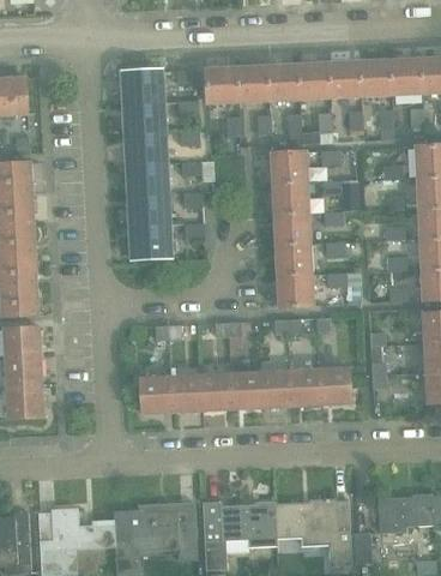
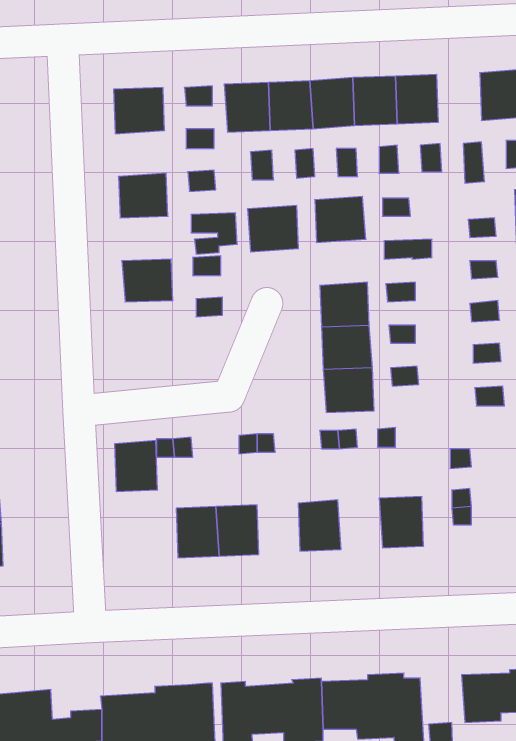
building: [360,59,392,95] -> none
building: [126,101,163,134] -> none
building: [129,163,167,196] -> none
building: [272,180,309,214] -> [247,206,298,252]
building: [133,224,169,258] -> none
building: [288,368,320,406] -> none
building: [229,372,260,409] -> none
building: [140,376,171,413] -> [115,440,158,492]

